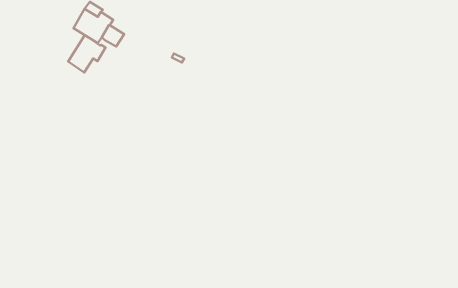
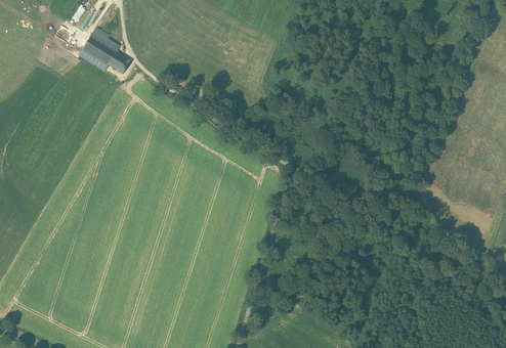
building: [68,35,105,73] -> none

